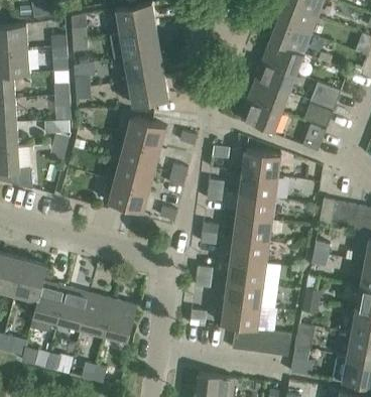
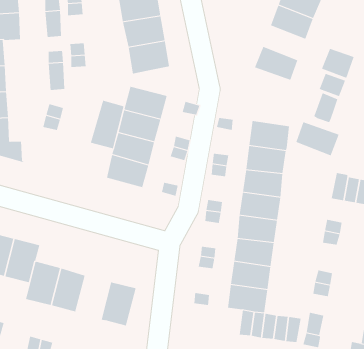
building: [255,61,295,94] -> none
building: [240,101,281,133] -> [295,122,340,156]
building: none -> [90,100,124,149]
building: [81,294,113,336] -> none

